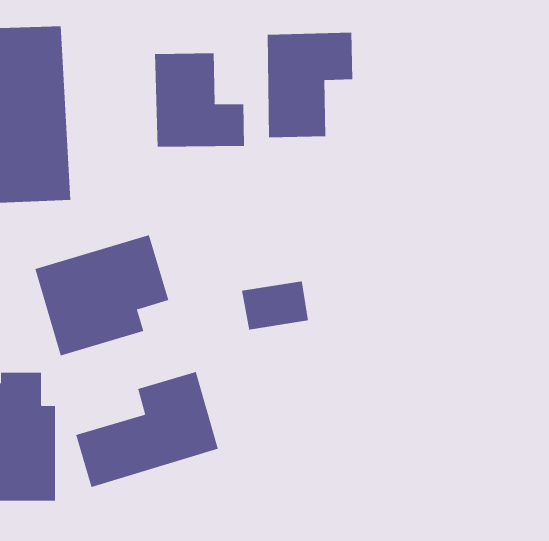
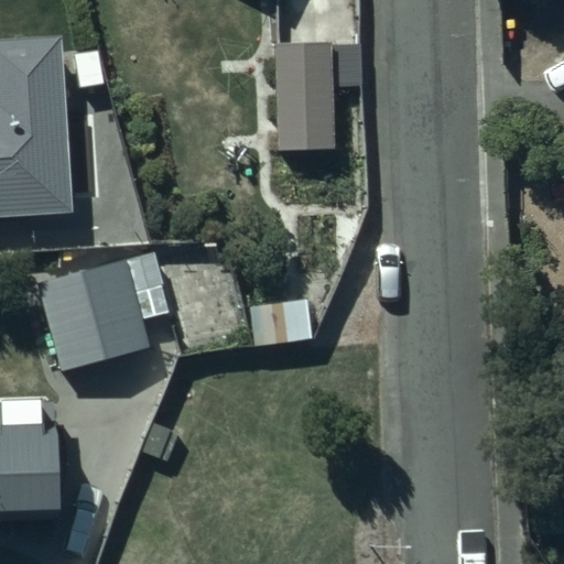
building: [155,52,244,148] -> none
building: [75,371,218,488] -> none

